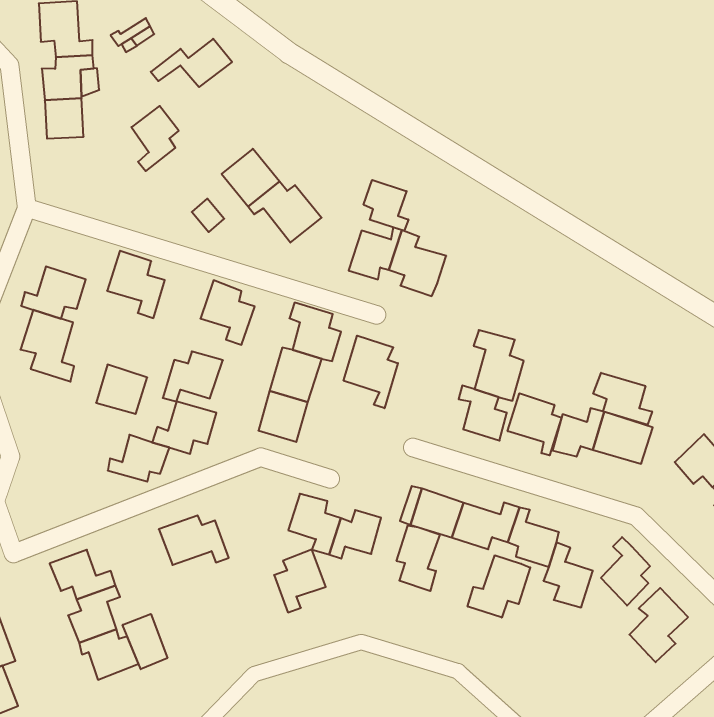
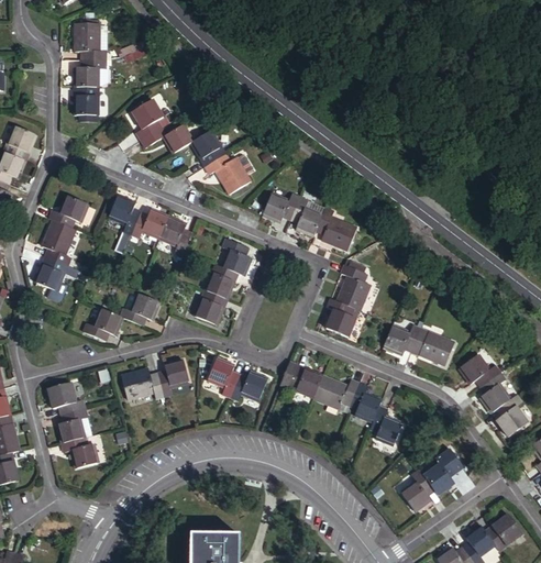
building: [151,39,232,87] -> [135,121,189,152]
building: [364,180,408,231] -> none
building: none -> [319,207,358,252]
building: [344,336,398,408] -> none
building: [163,351,223,402] -> [131,207,173,239]
building: [96,365,147,414] -> [37,261,73,295]
building: [593,373,652,425] -> none
building: [508,393,562,455] -> none
building: [397,526,440,591] -> none
building: [601,537,650,606] -> [400,466,433,511]
building: [274,550,326,612] -> [158,357,191,397]
building: [468,555,530,618] -> none
building: [123,614,167,669] -> none

